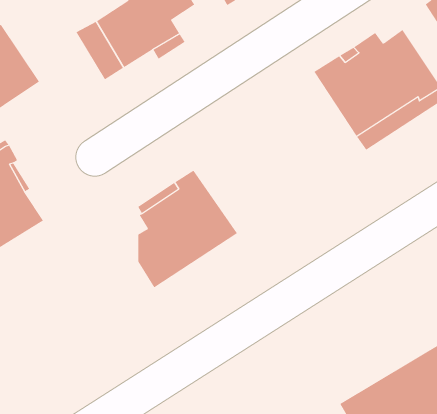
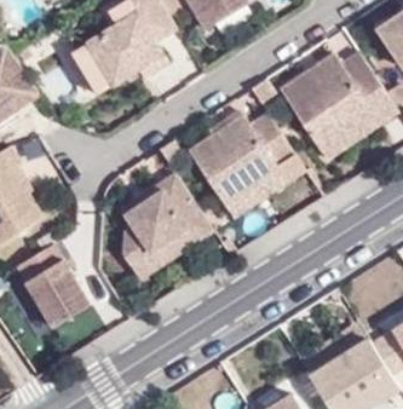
building: none -> [188,111,294,207]
building: none -> [25,259,90,327]

